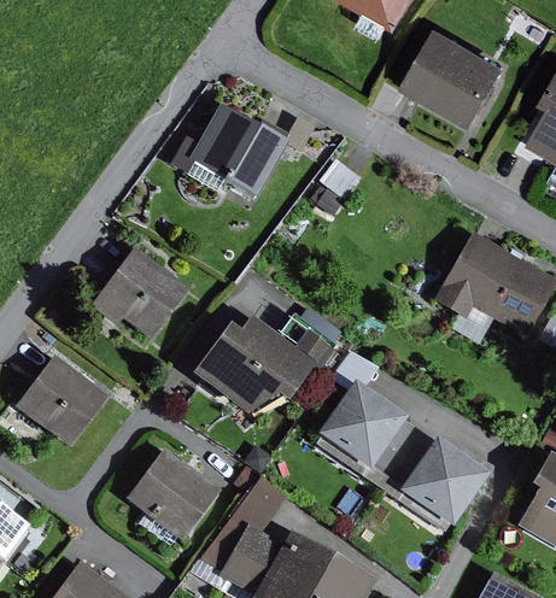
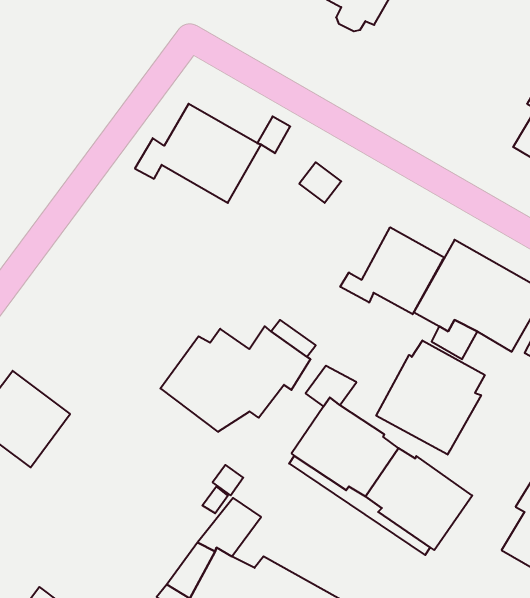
building: [402,24,508,127] -> none
building: none -> [340,227,445,314]
building: [93,247,191,341] -> none
building: none -> [376,340,485,455]
building: [125,447,221,540] -> none

